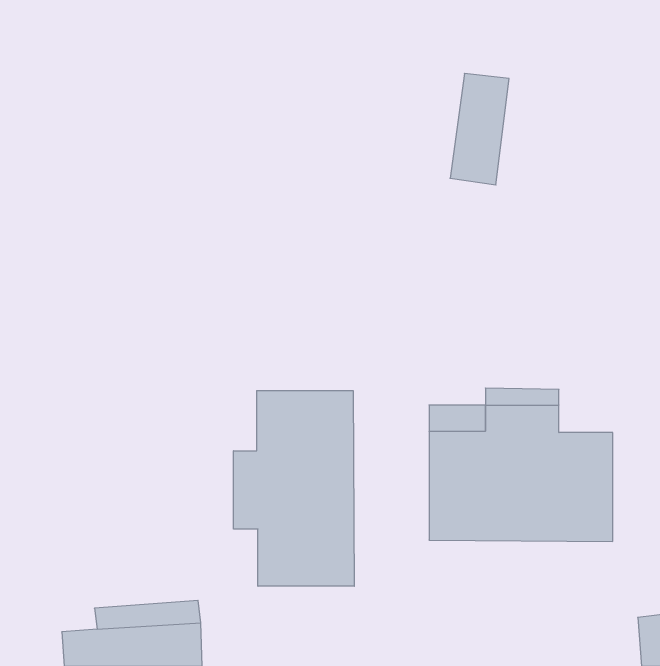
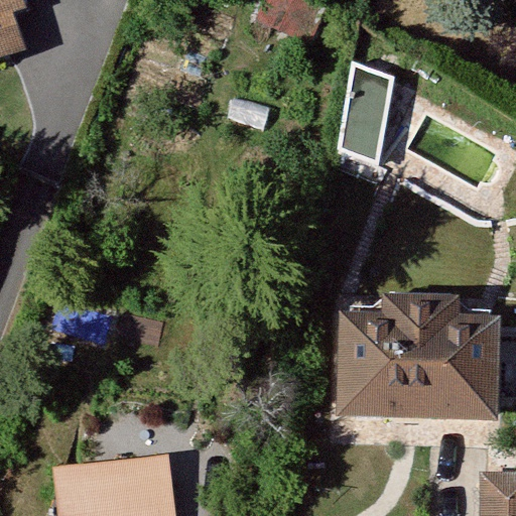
building: [234,391,354,586] -> none

